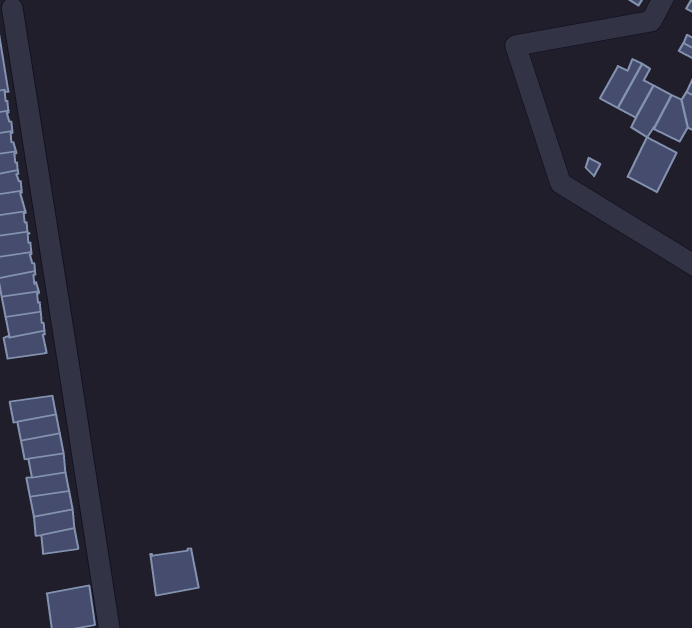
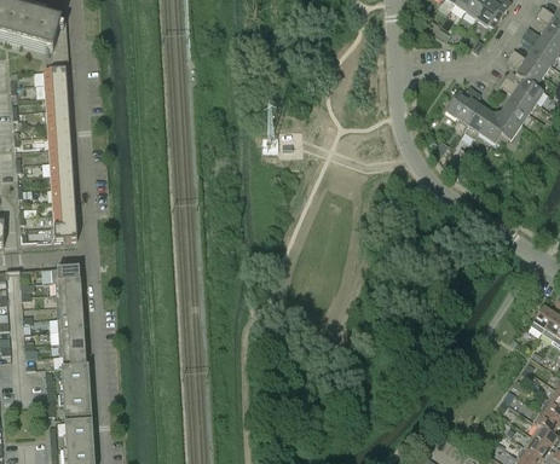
building: [628,137,676,192] -> none
building: [150,549,199,595] -> [62,364,91,392]

